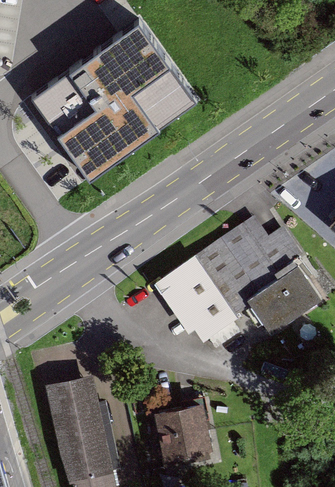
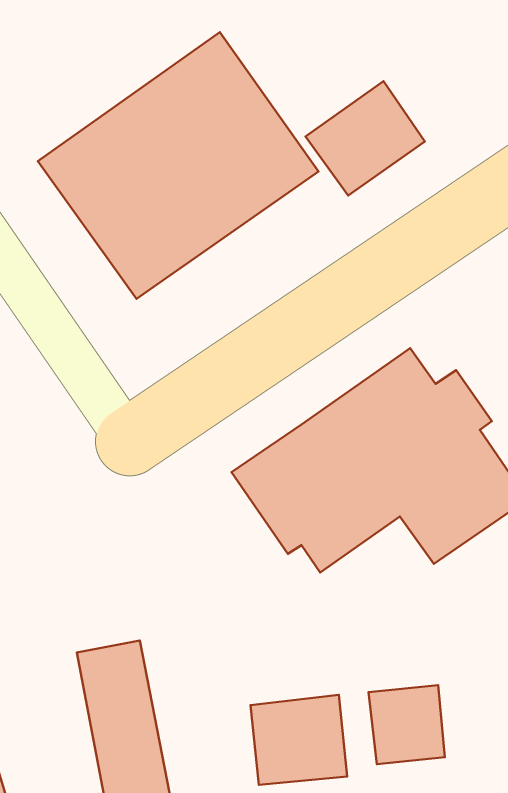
building: none -> [305,81,425,196]
building: none -> [369,685,445,764]

